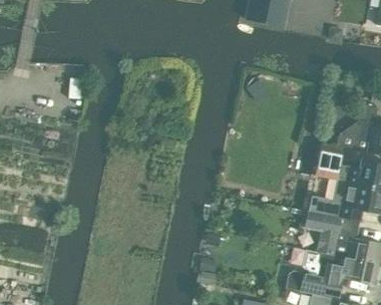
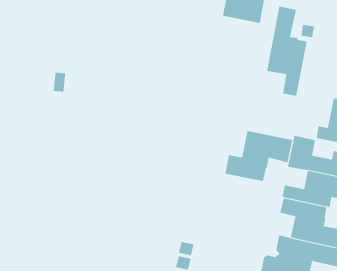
building: none -> [267,6,307,96]
building: none -> [225,130,293,182]

